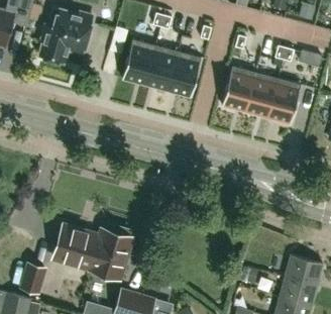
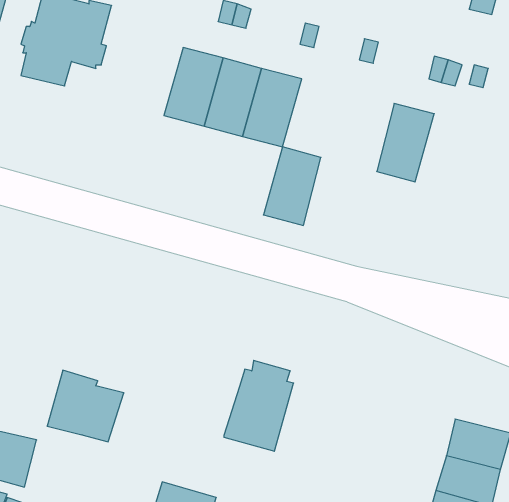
building: [222,66,255,111] -> [263,147,321,225]
building: [267,78,301,123] -> none
building: [90,224,130,277] -> [224,360,294,451]

